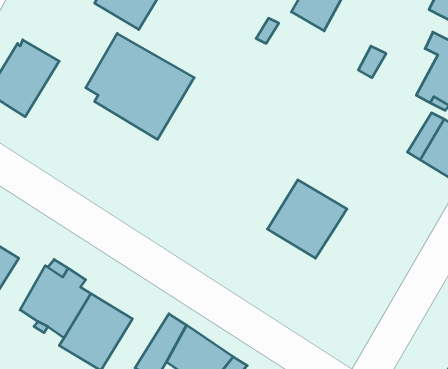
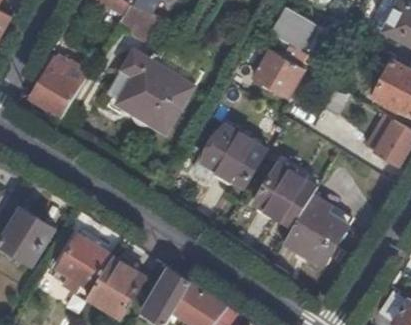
building: none -> [254,47,304,95]
building: none -> [195,129,264,186]
building: none -> [282,197,346,268]

